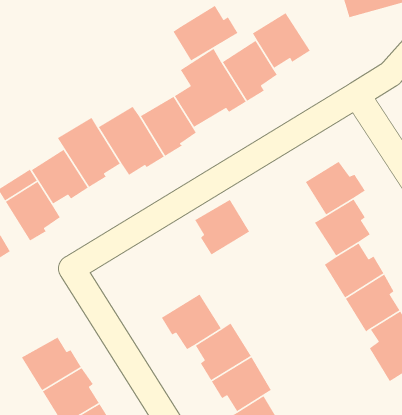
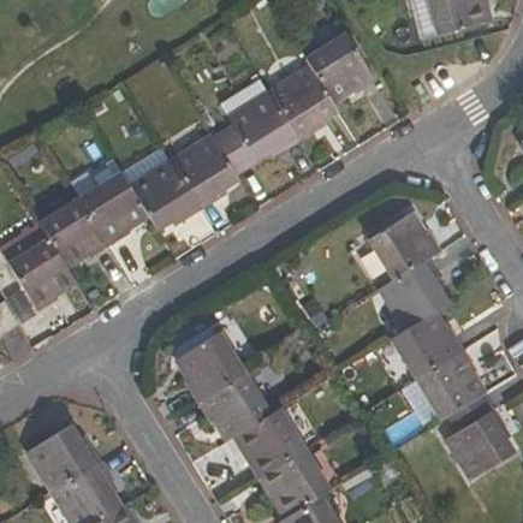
building: [172,5,239,62] -> none
building: [194,199,250,256] -> [176,333,243,402]

